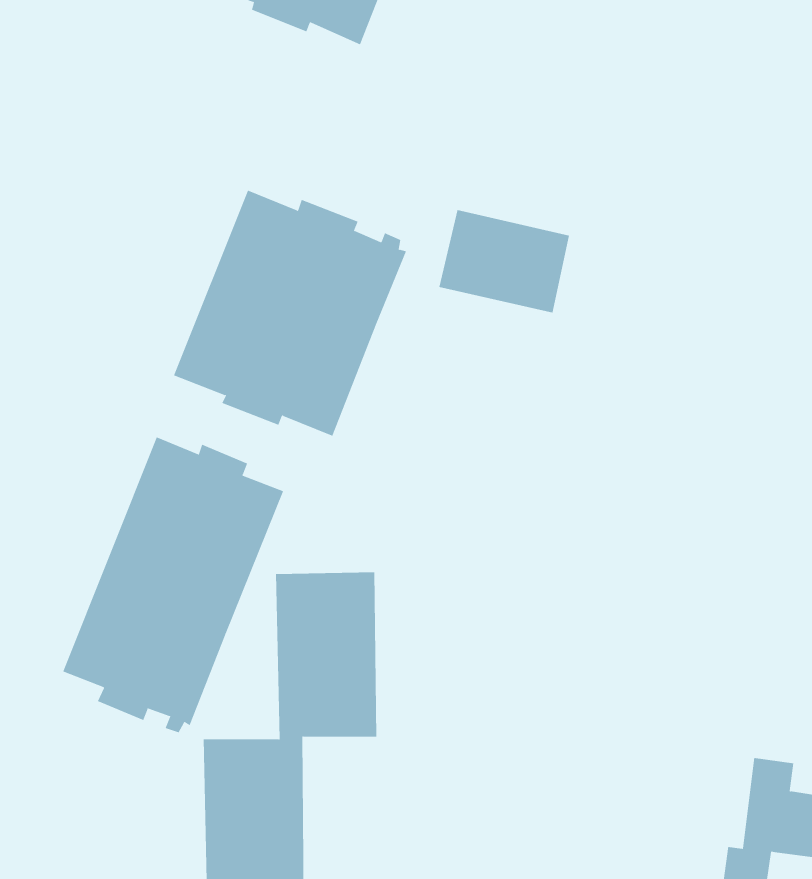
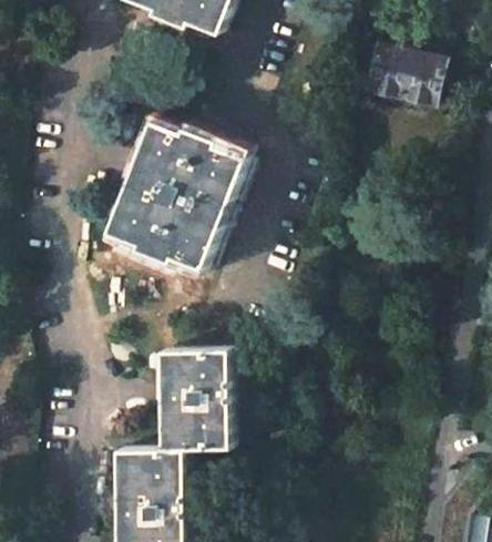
building: [438,209,570,313] -> [361,44,440,106]
building: [63,437,284,733] -> none

